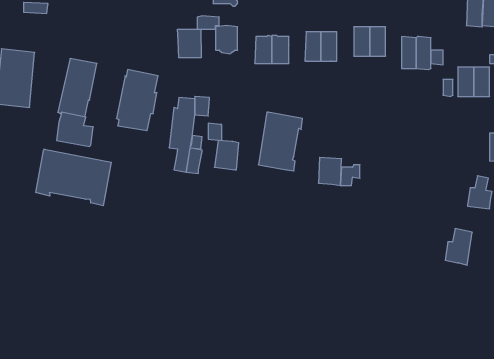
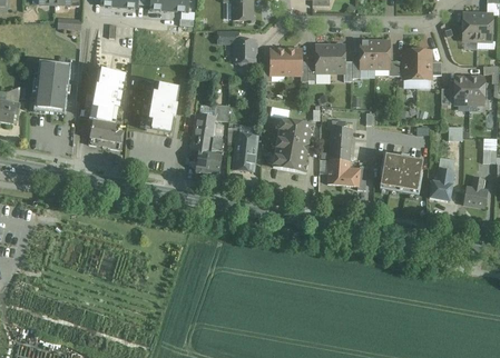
building: [178,29,201,58] -> none
building: none -> [329,119,352,160]
building: [36,149,111,206] -> none
building: none -> [379,153,423,195]
building: [445,229,472,265] -> [429,168,453,201]

